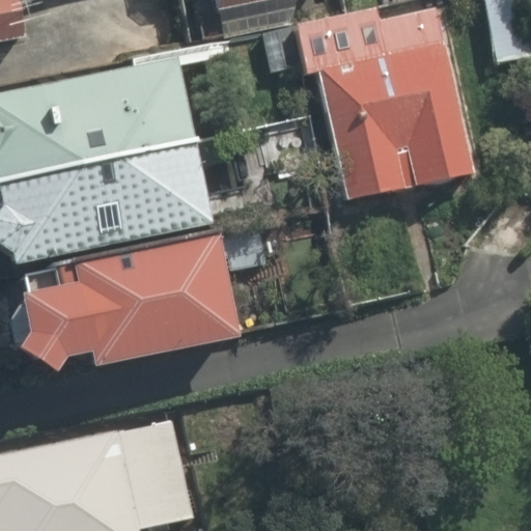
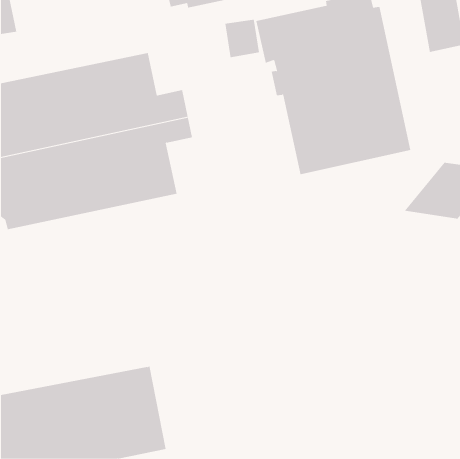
building: [17,235,233,372] -> none

